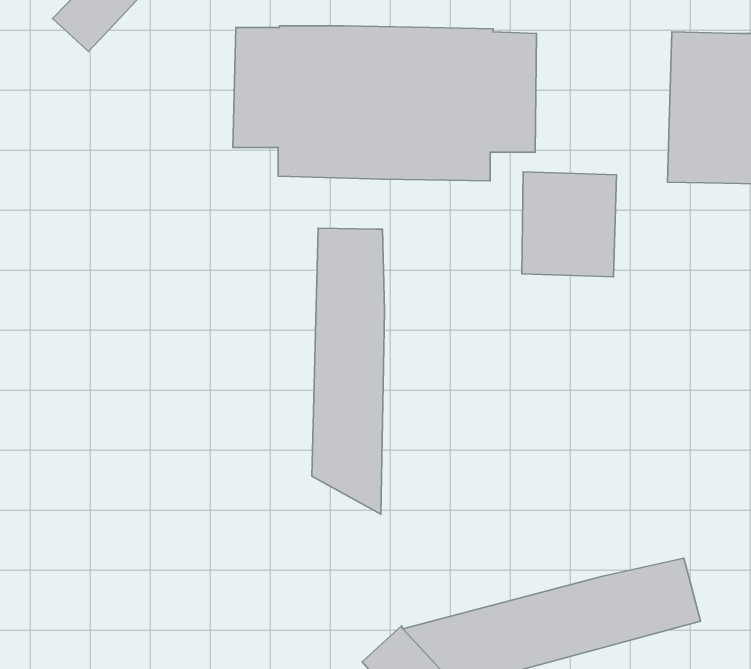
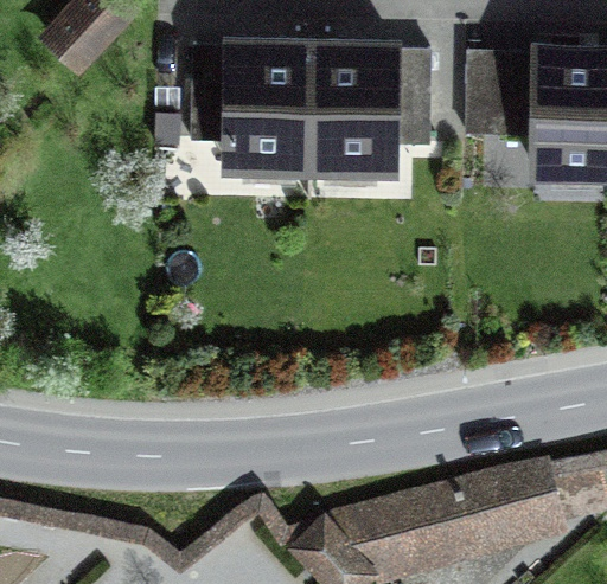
building: [522,172,617,277] -> [467,45,542,128]
building: [312,228,384,514] -> none

